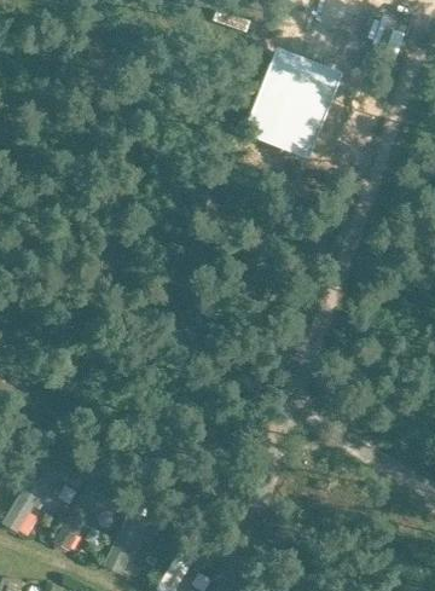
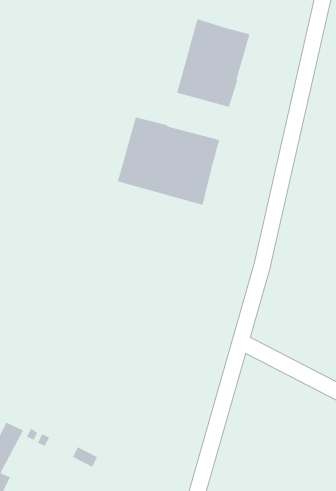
building: none -> [117,117,220,206]

